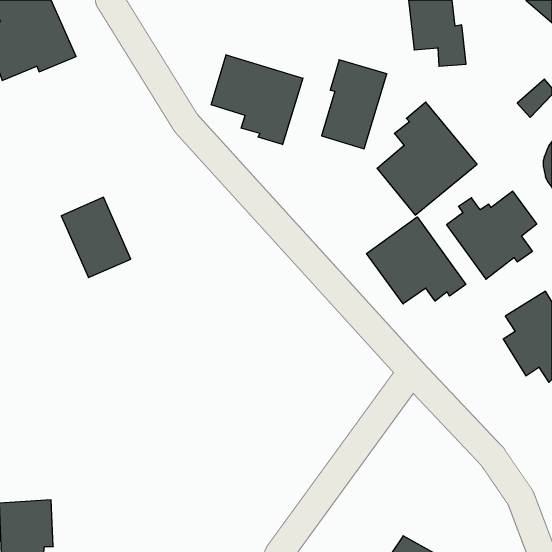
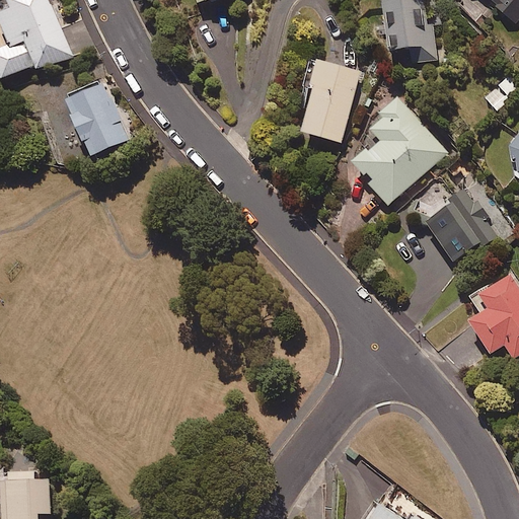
building: [211,55,303,145] -> none
building: [61,197,131,278] -> [65,78,130,153]
building: [367,217,466,304] -> none

